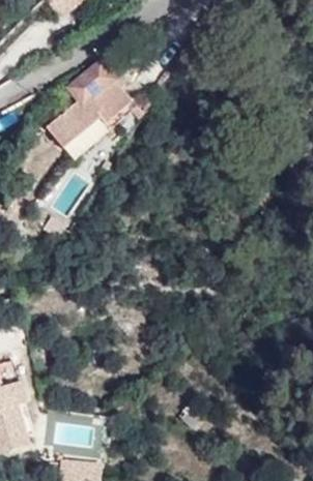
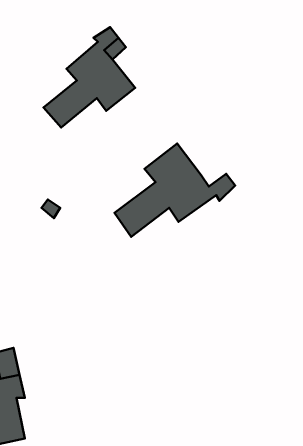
building: none -> [115,143,235,237]

